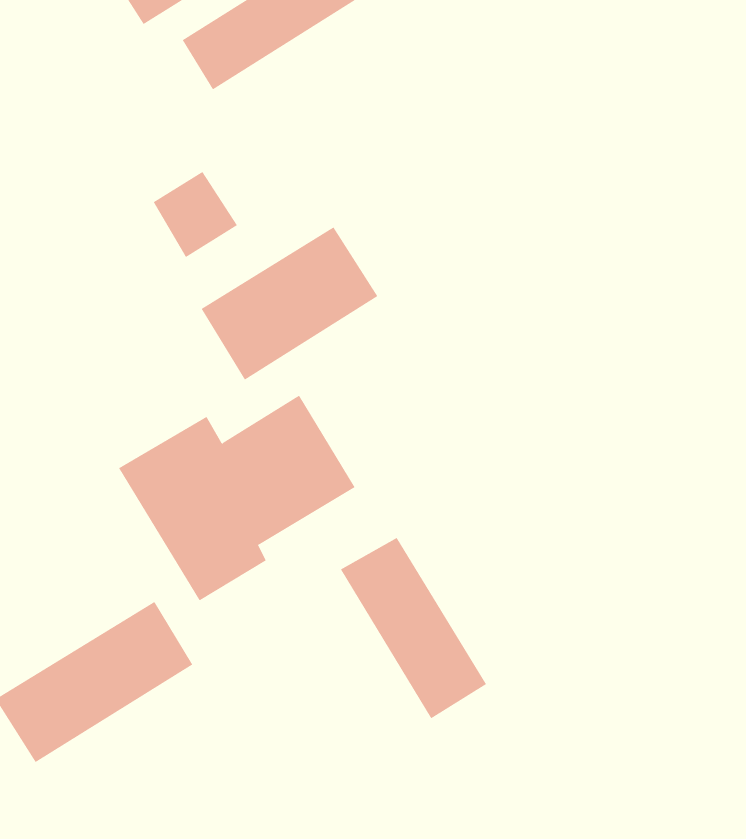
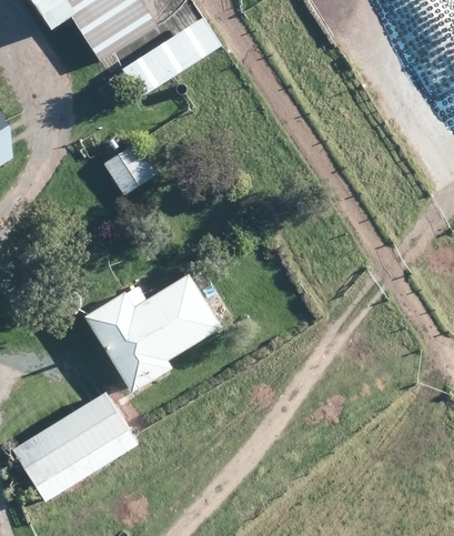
building: [201,226,378,380] -> none
building: [340,537,487,719] -> none

